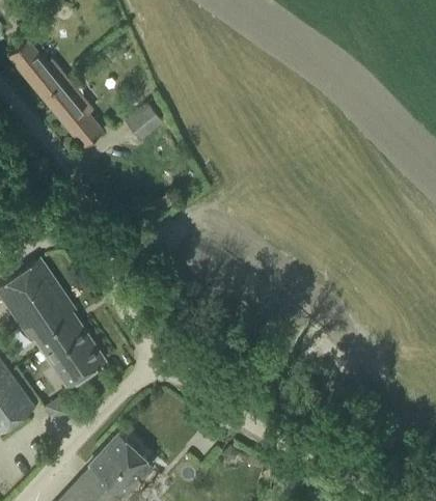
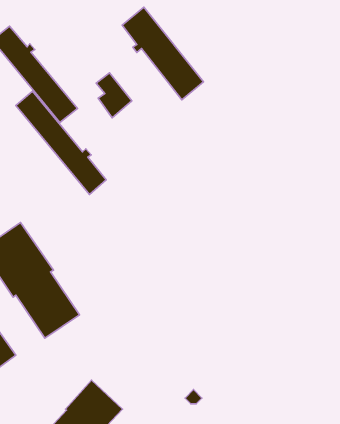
building: none -> [122,7,204,100]
building: none -> [16,91,106,194]

